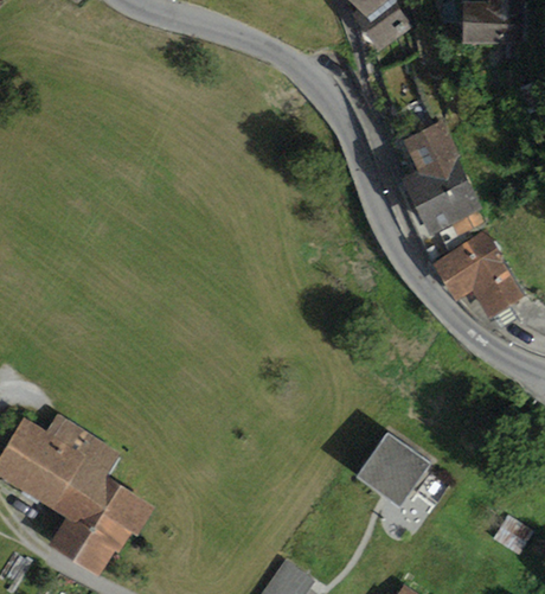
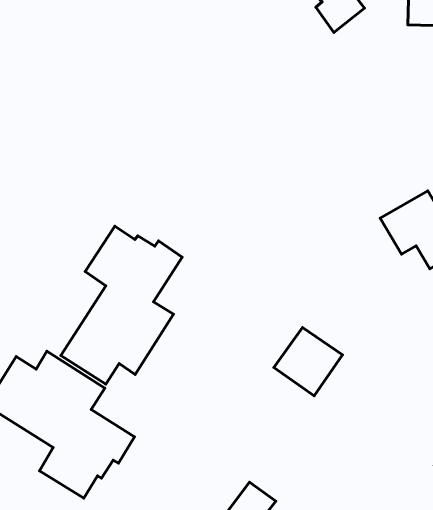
building: [400,120,482,235] -> none
building: none -> [61,226,182,384]
building: [354,433,431,510] -> [274,327,343,396]

